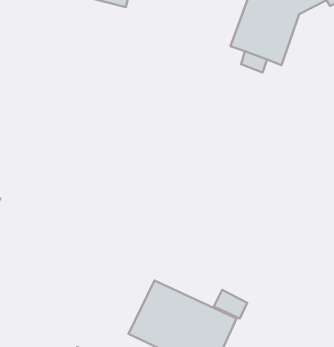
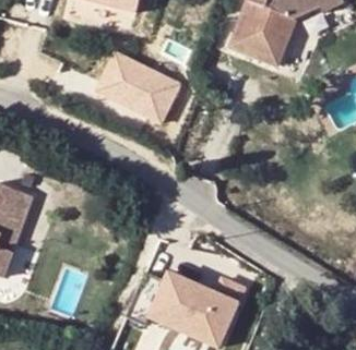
building: none -> [95,51,178,117]

